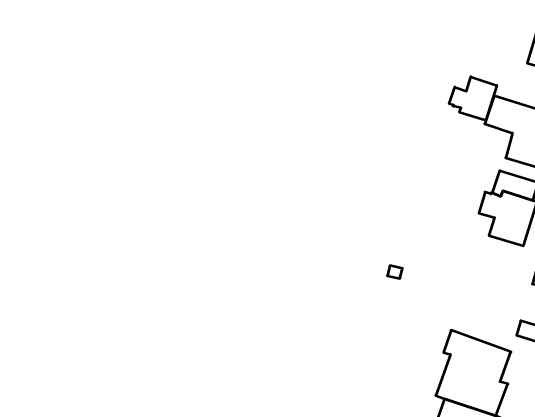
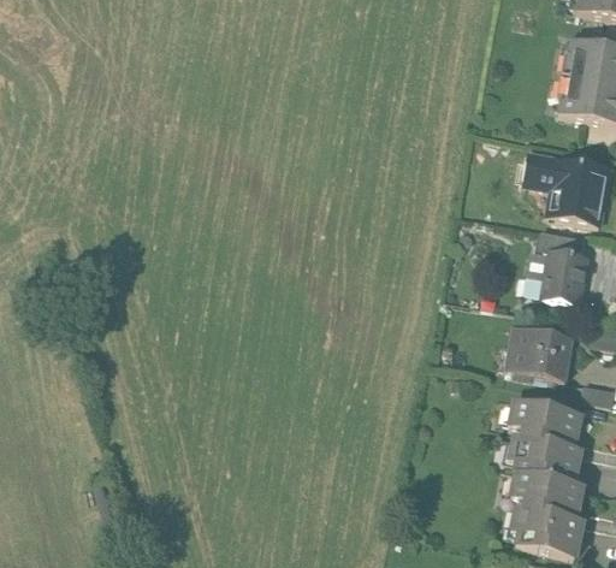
building: [449,77,497,120] -> none
building: none -> [502,327,574,379]

